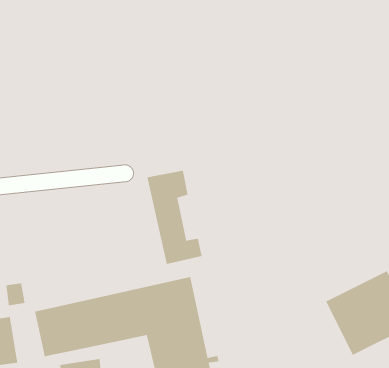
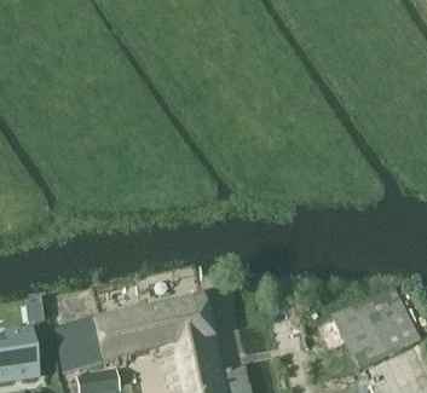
building: [146,170,203,265] -> none

